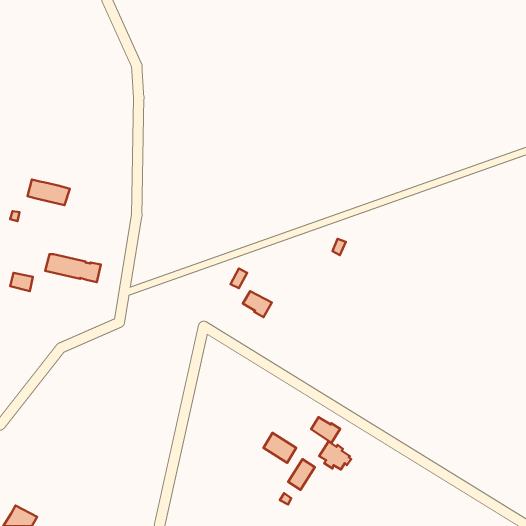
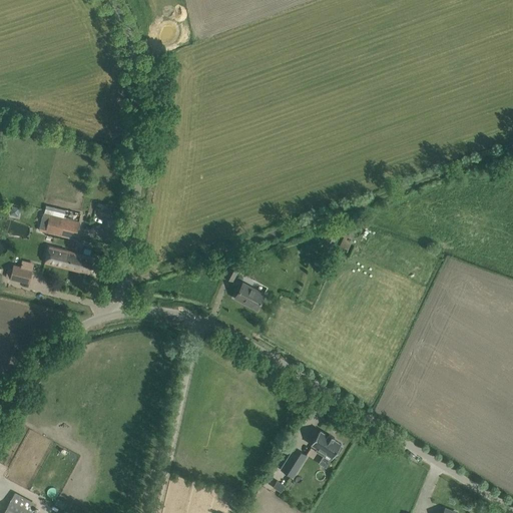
building: [28,180,70,205] -> [38,213,79,238]
building: [311,417,340,443] -> none
building: [264,433,296,463] -> none

